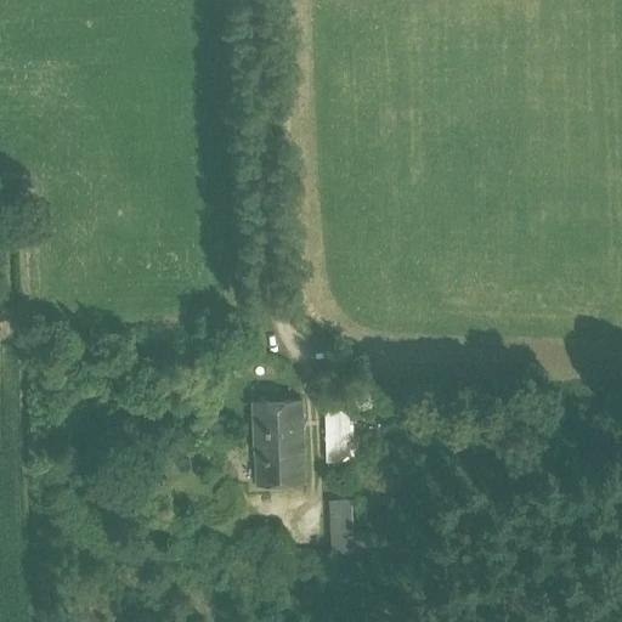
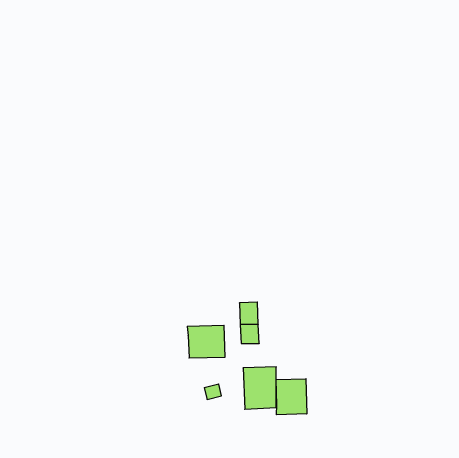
building: [251,400,302,443] -> none
building: none -> [276,379,307,415]

